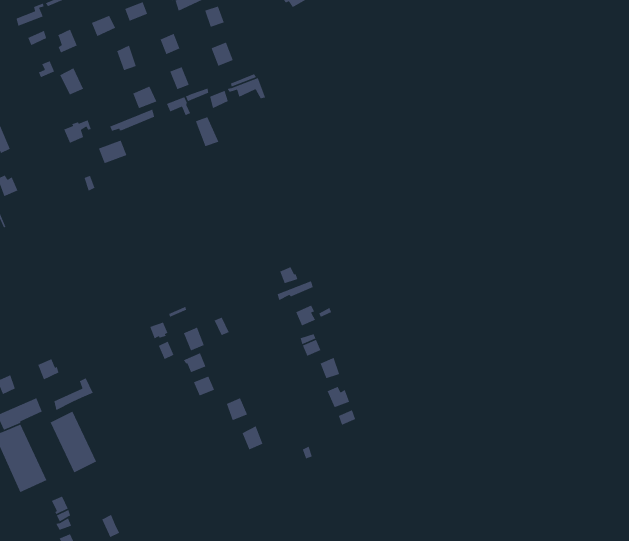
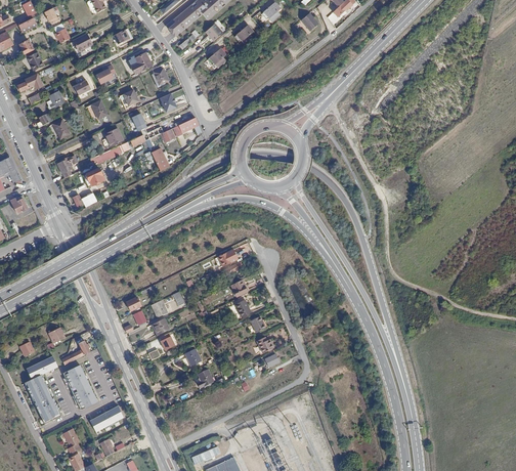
building: none -> [87,405,121,431]

